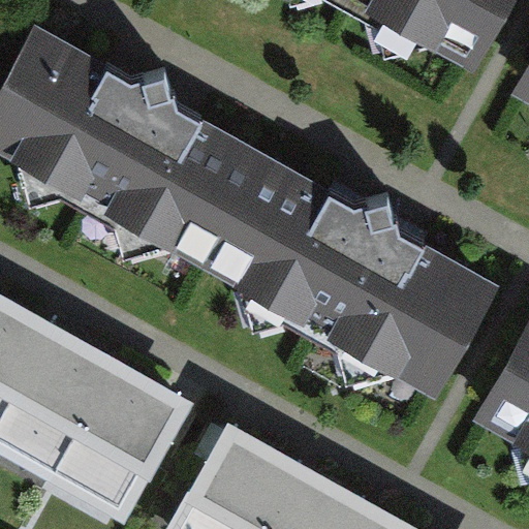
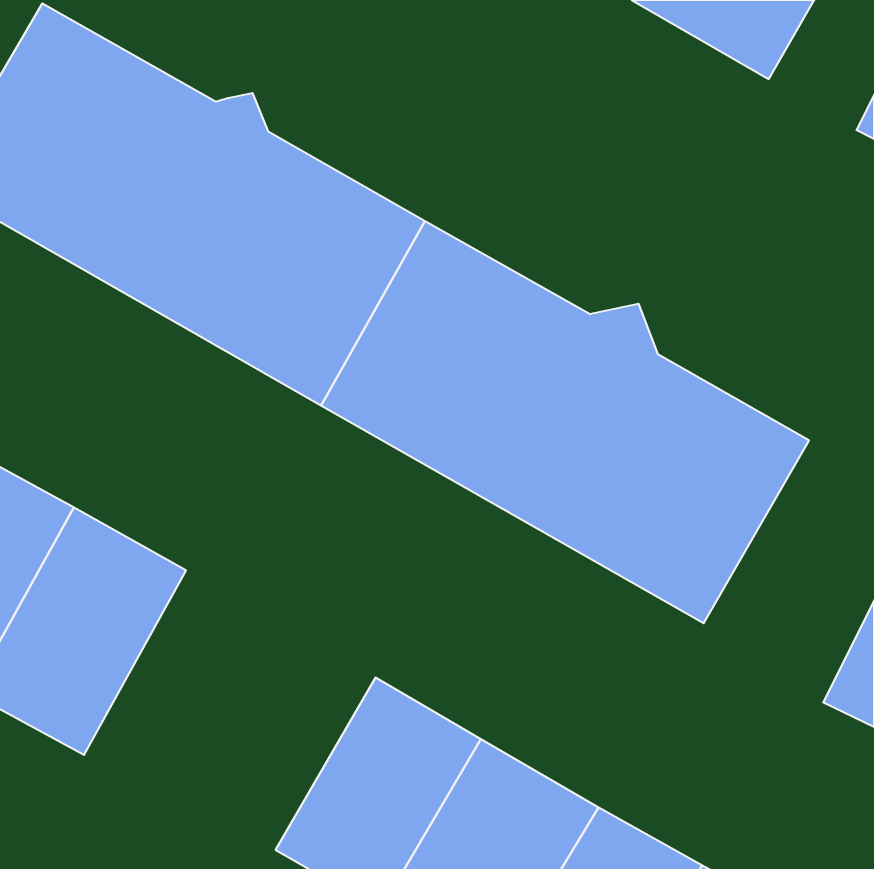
building: [50,352,176,498] -> none

